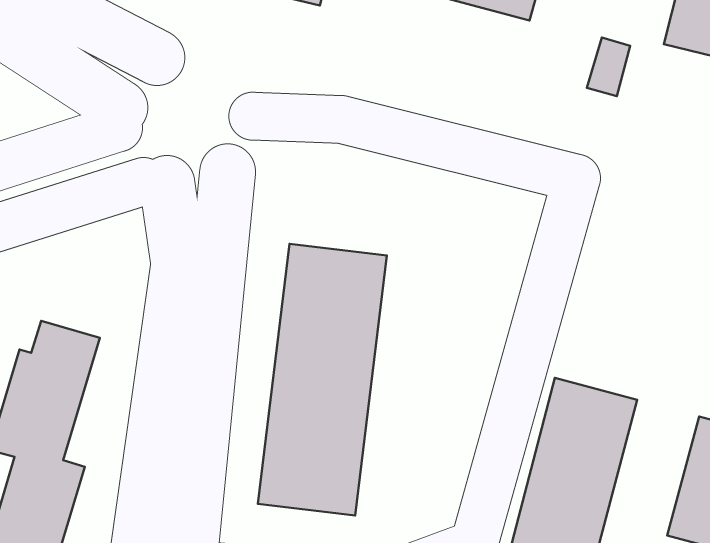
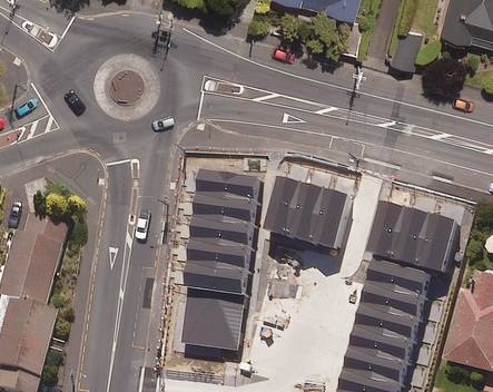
building: none -> [262,176,347,246]
building: none -> [363,198,455,272]

